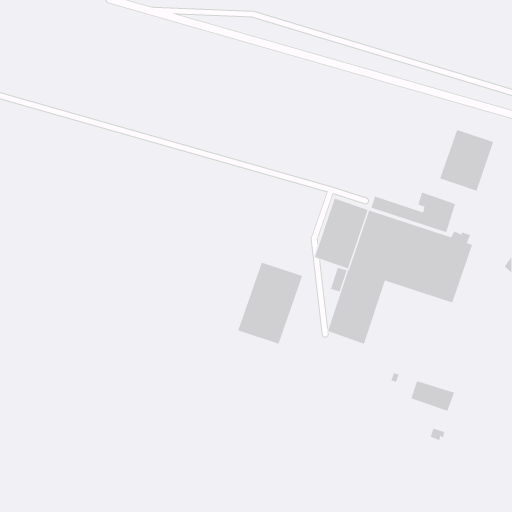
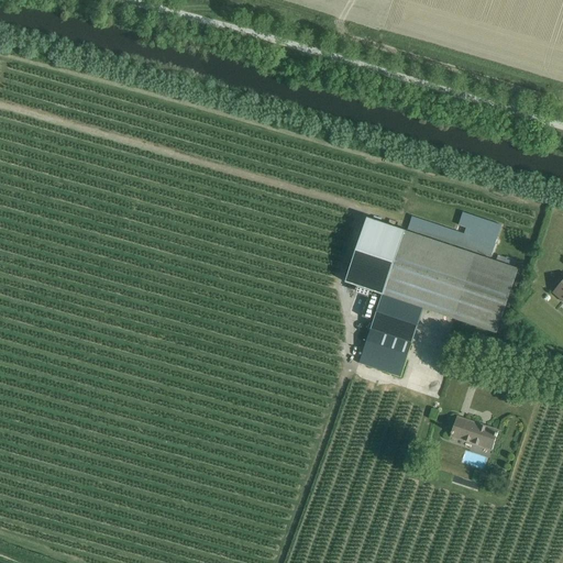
building: [440,129,494,191] -> none
building: [238,262,303,344] -> none

